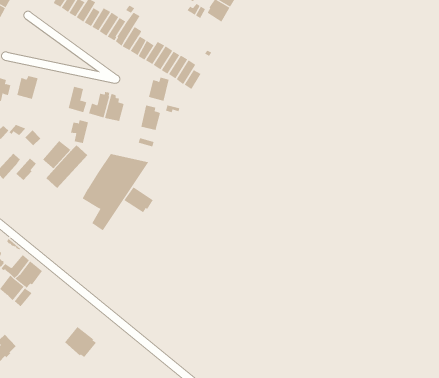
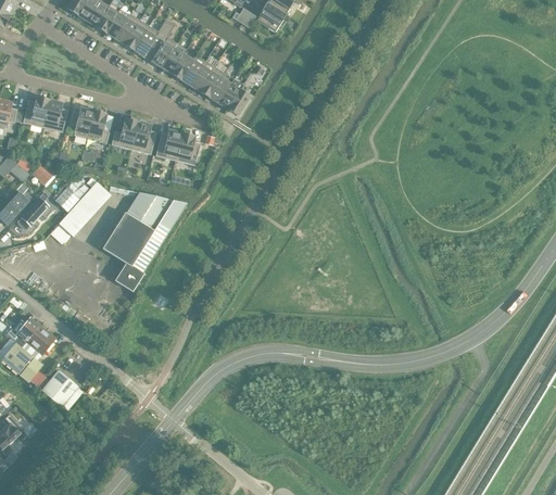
building: [148,77,169,102] -> [155,129,181,160]
building: none -> [42,100,67,131]
building: [70,119,89,143] -> [70,107,92,137]
building: [124,186,154,213] -> none
building: [64,326,97,358] -> [41,369,81,408]

